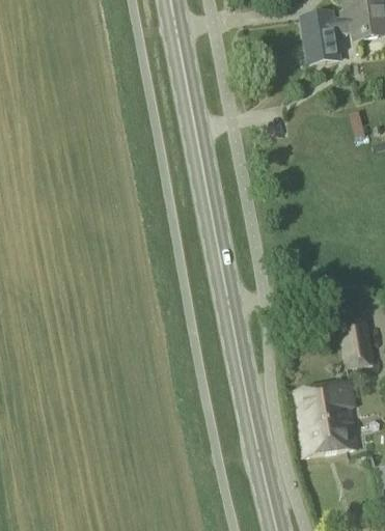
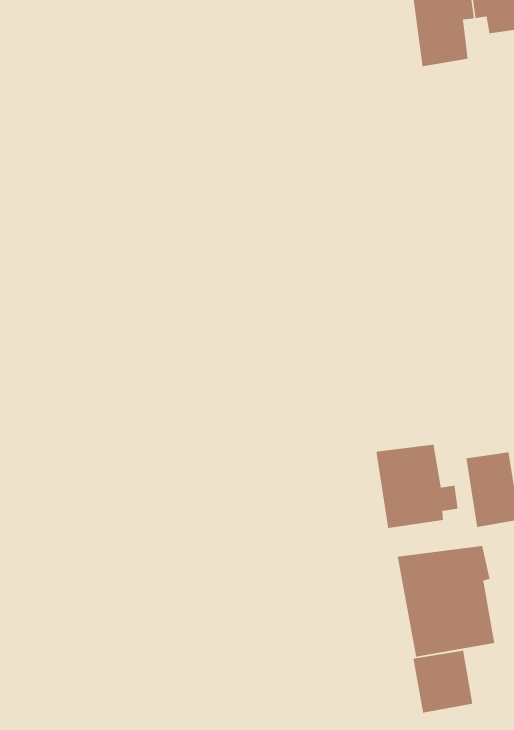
building: none -> [375,444,459,529]
building: none -> [413,650,473,713]

